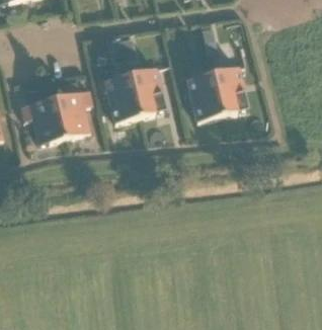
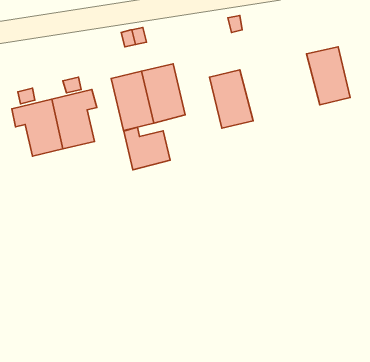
building: [212,65,248,113] -> [307,47,350,105]
building: none -> [124,127,170,170]

